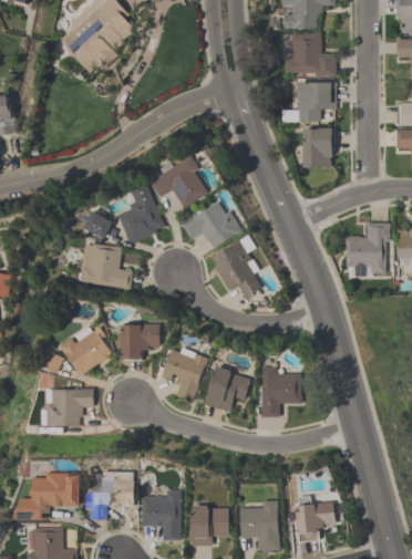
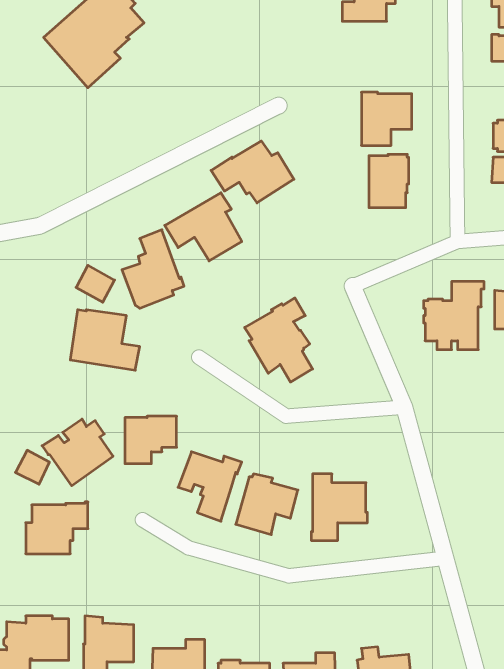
building: [285,32,336,76] -> none
building: [181,201,243,248] -> [211,141,294,203]

